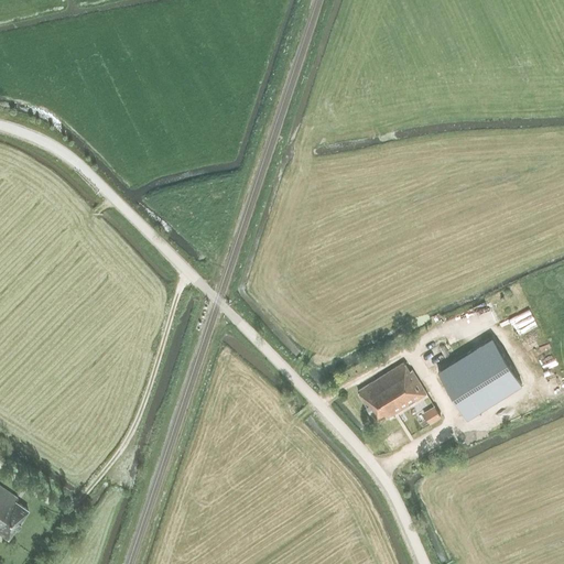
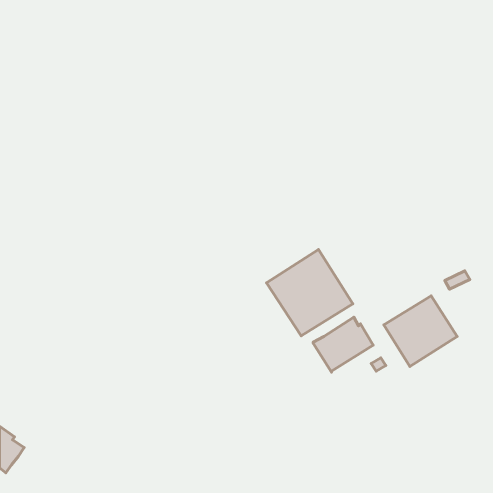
building: none -> [266,250,353,336]

